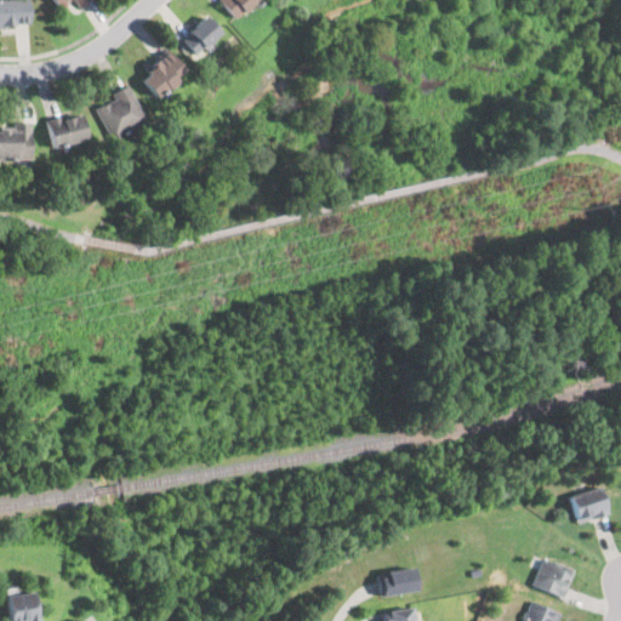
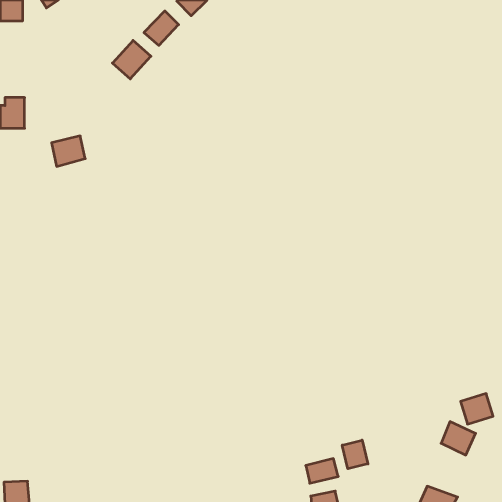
building: [96,90,148,142] -> none
building: [47,112,89,149] -> [52,136,85,166]
building: none -> [342,440,368,469]
building: [532,559,575,600] -> [441,422,476,455]

